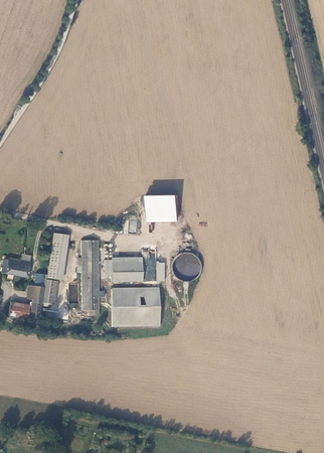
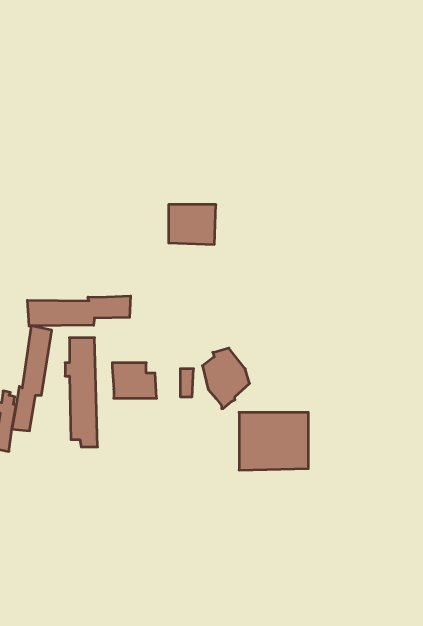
building: [145,194,177,221] -> [169,205,216,244]
building: none -> [27,296,131,326]
building: [111,287,158,326] -> [239,412,308,470]

